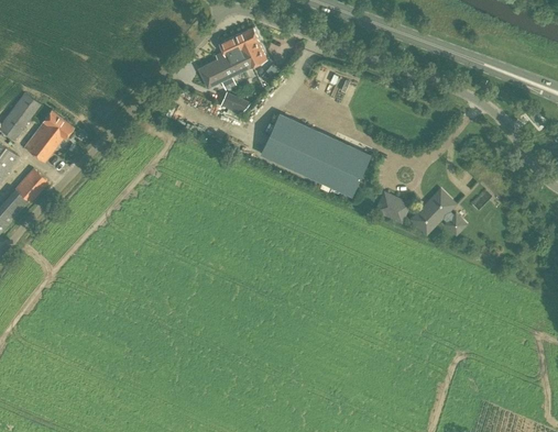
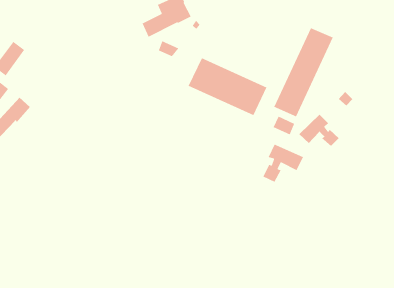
building: none -> [273,27,334,117]
building: [23,110,72,163] -> none
building: none -> [262,144,304,183]

